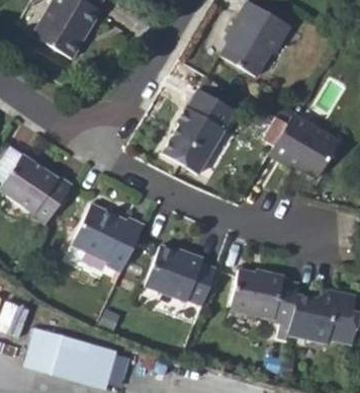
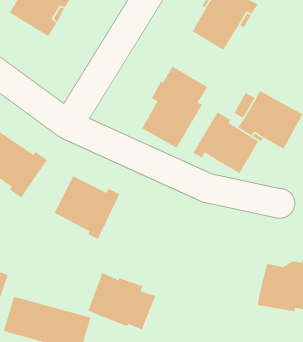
building: none -> [192,111,259,174]
building: [147,244,218,305] -> [87,272,156,331]
building: [231,271,300,329] -> none

